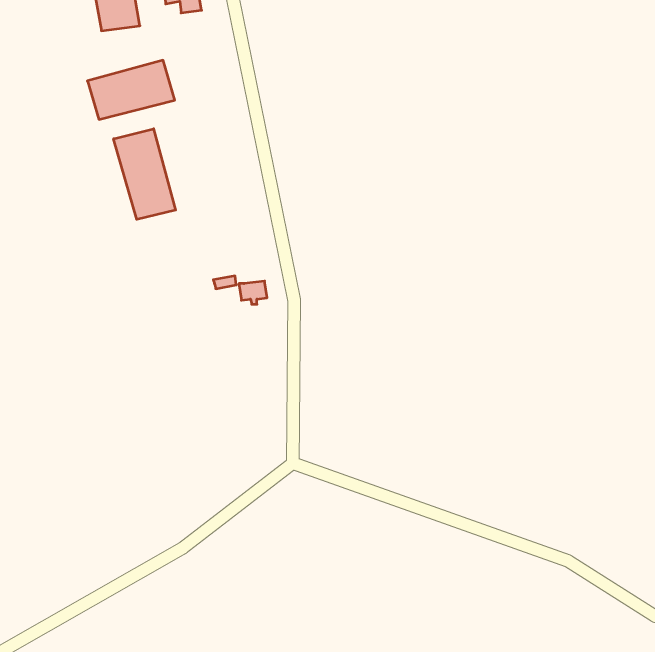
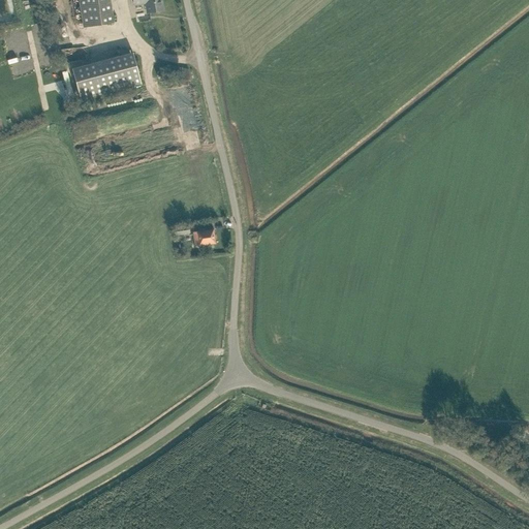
building: [114,129,176,219] -> none

